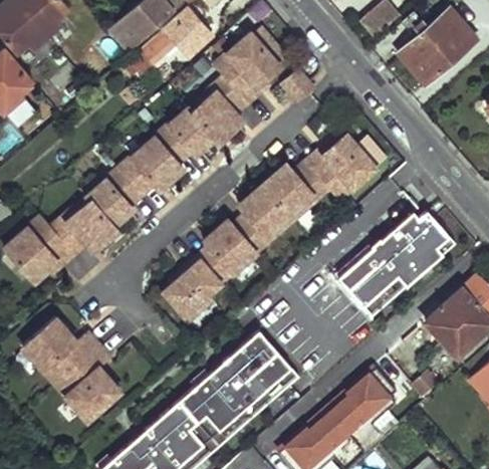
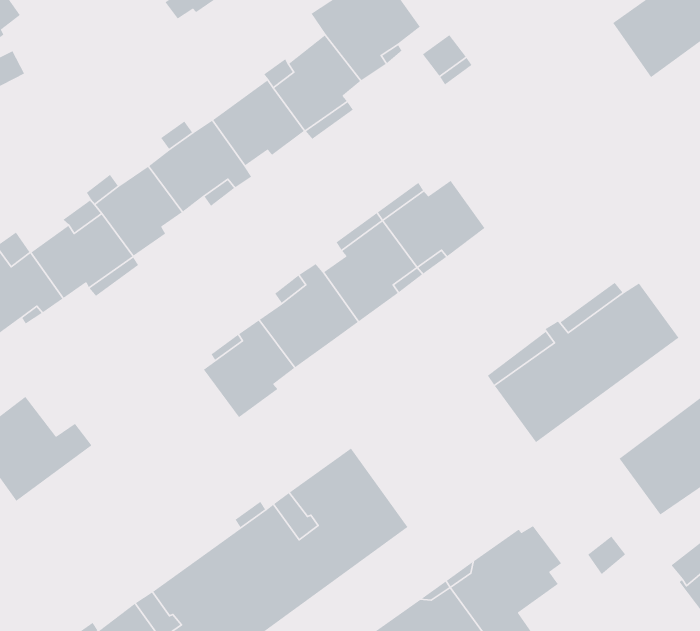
building: [307,132,383,205] -> none
building: [55,343,120,419] -> none

